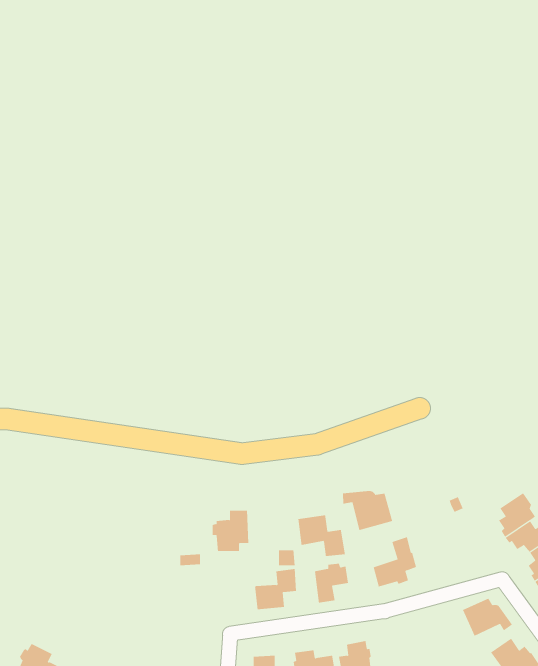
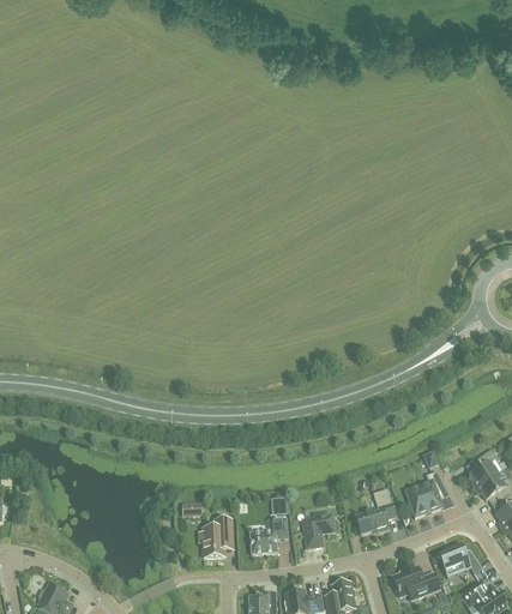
building: [343,490,393,531] -> none
building: [212,510,249,552] -> [199,519,233,556]
building: [298,514,346,557] -> none
building: none -> [405,471,450,517]
building: none -> [392,565,440,597]

